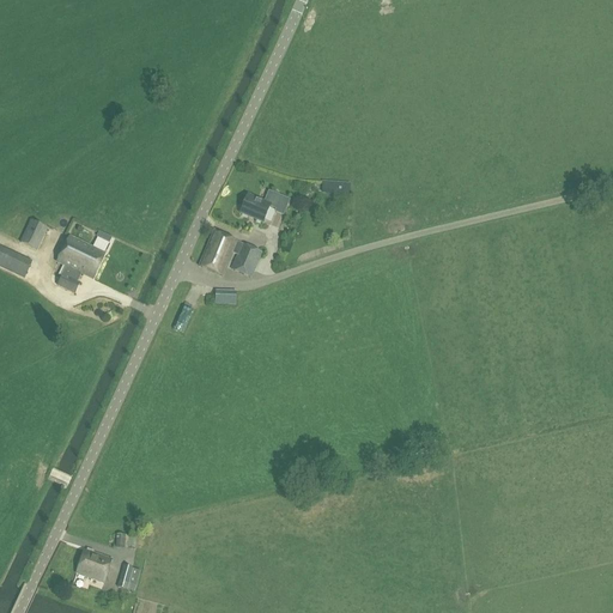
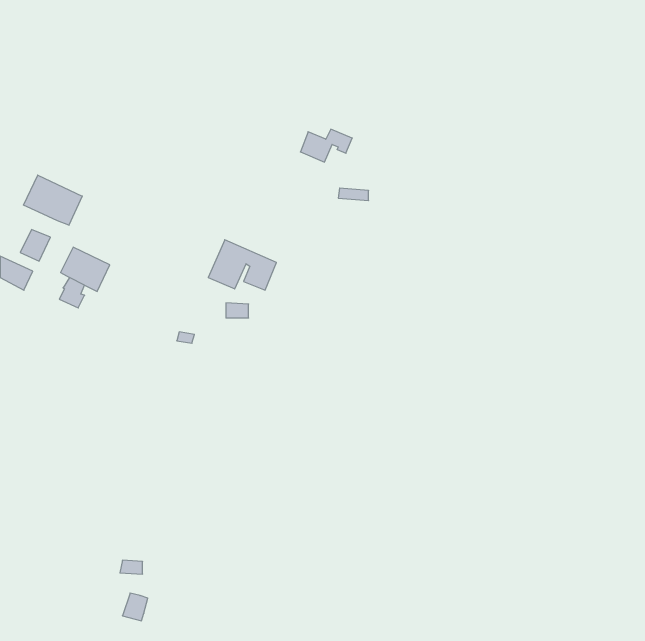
building: none -> [23,175,82,225]
building: [239,189,289,220] -> [300,129,352,162]
building: [75,546,111,579] -> none

